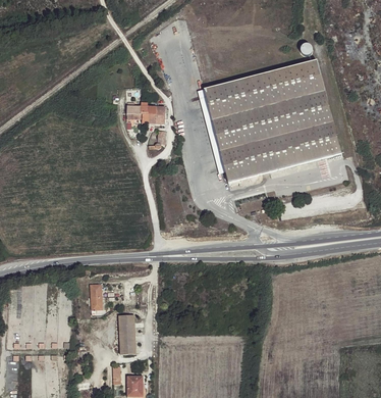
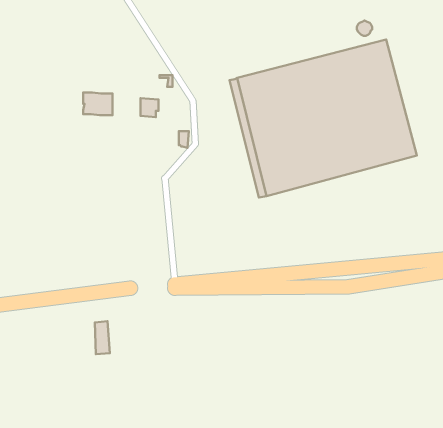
building: [141,105,164,123] -> [83,92,113,115]
building: [118,314,134,353] -> none

